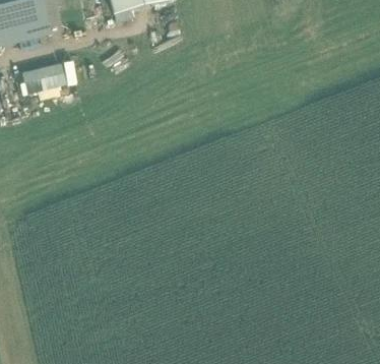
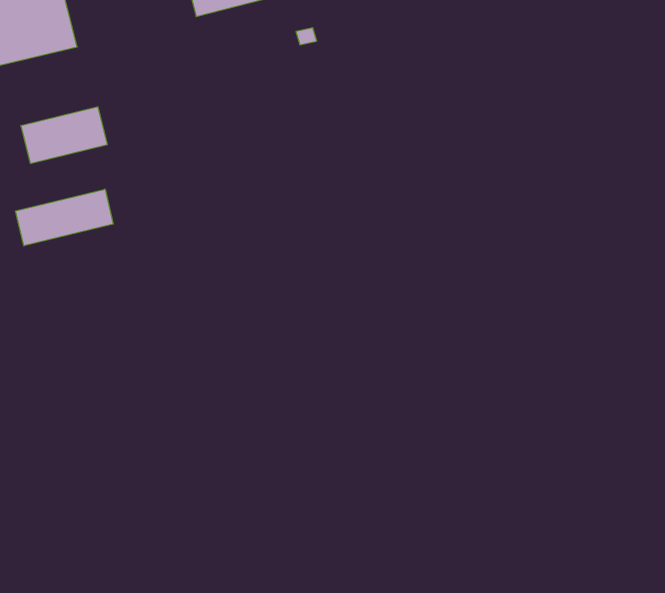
building: none -> [16,189,113,246]

